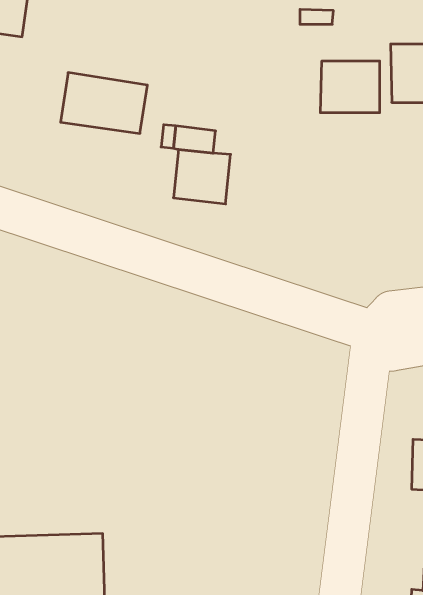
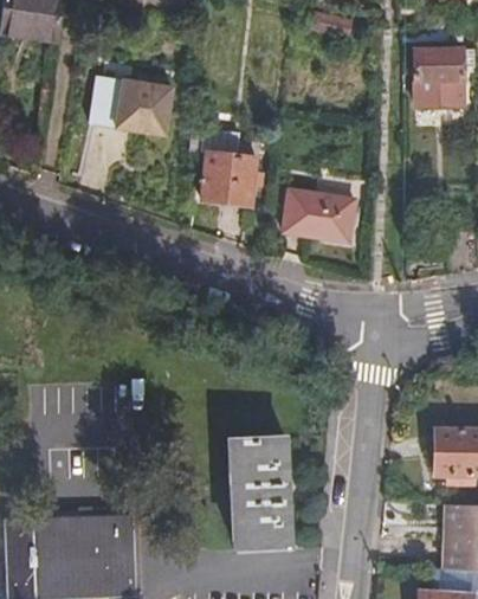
building: [320,61,380,113] -> none
building: none -> [284,188,355,239]
building: none -> [235,439,295,549]

